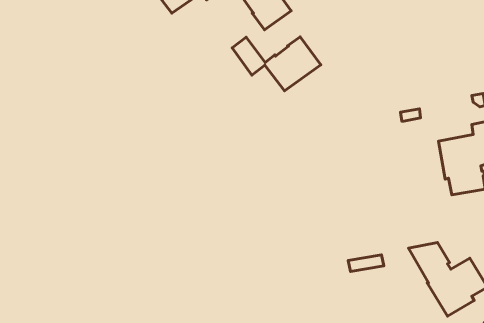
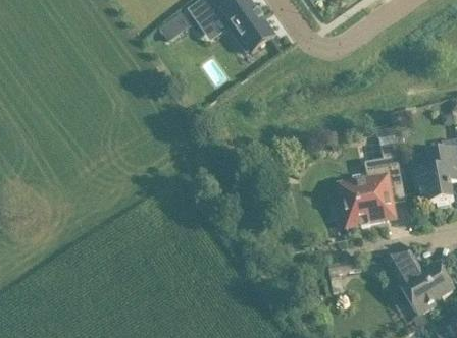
building: [232,37,321,91] -> none
building: none -> [340,142,406,226]

